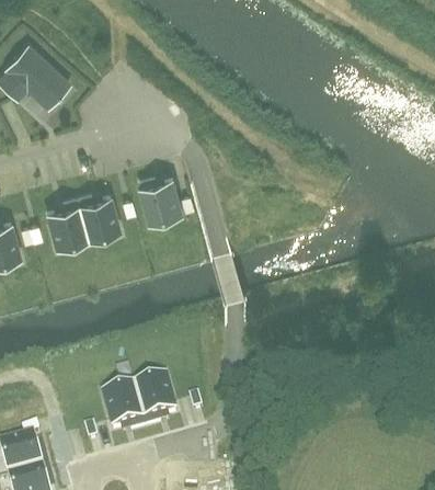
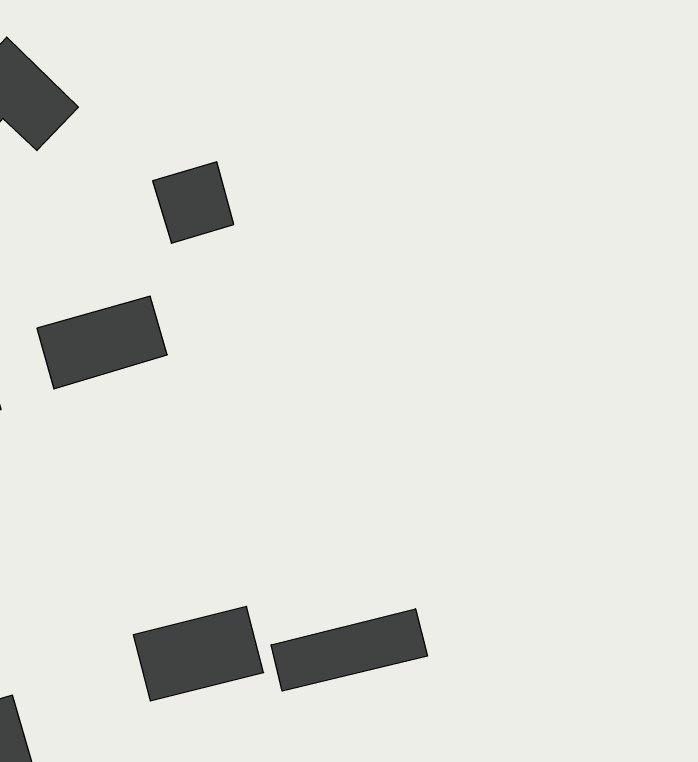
building: [136,180,183,227] -> [153,162,234,243]
building: none -> [271,609,427,691]

